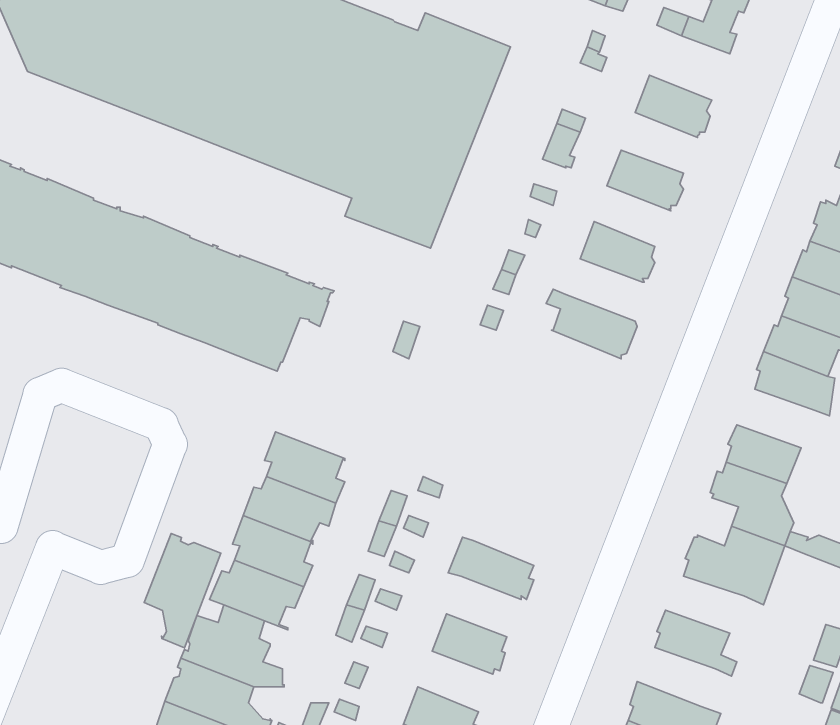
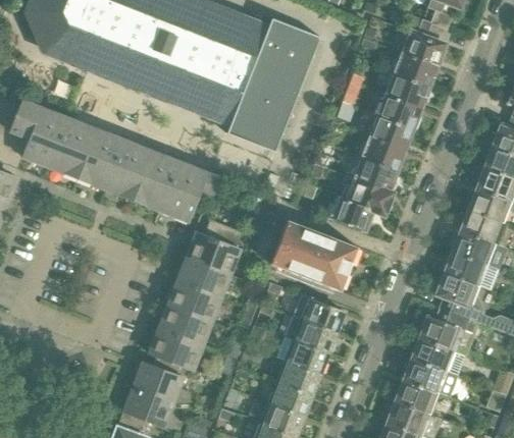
building: none -> [400,31,446,67]
building: none -> [383,74,429,109]
building: none -> [368,116,413,151]
building: none -> [352,158,397,194]
building: none -> [328,196,371,231]
building: none -> [269,220,357,290]
building: none -> [186,221,241,272]
building: none -> [450,232,495,266]
building: none -> [299,296,343,333]
building: [144,533,221,648] -> none
building: none -> [284,339,326,374]
building: none -> [409,339,465,376]
building: none -> [393,380,438,414]
building: none -> [267,382,310,417]

